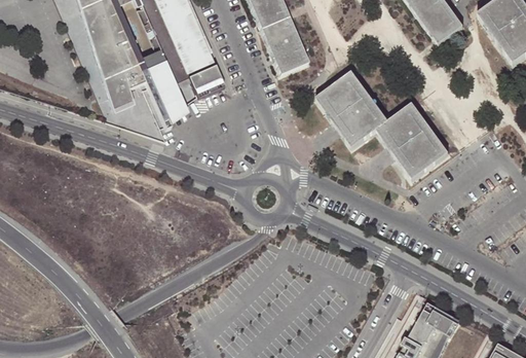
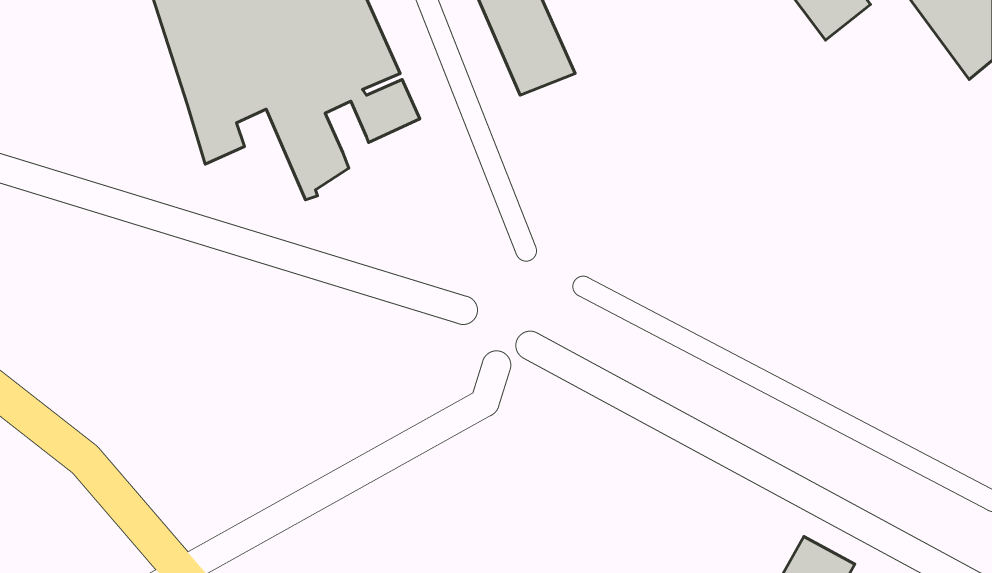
building: [315,70,447,177] -> none

